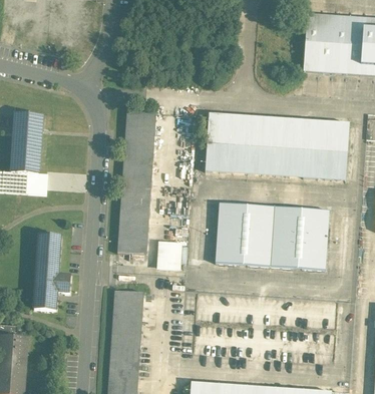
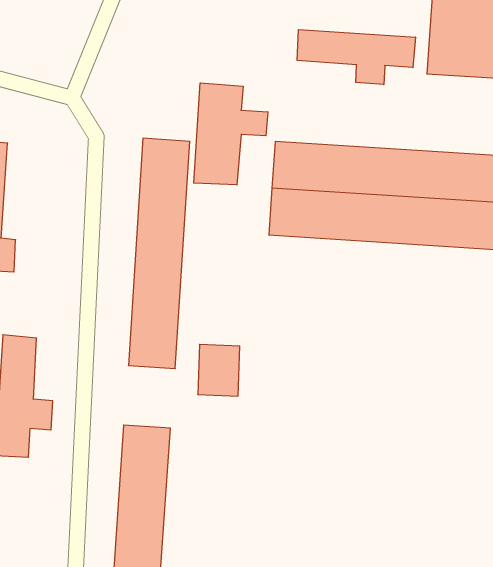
building: none -> [297,30,415,85]
building: none -> [194,83,268,185]
building: [215,203,329,269] -> none

